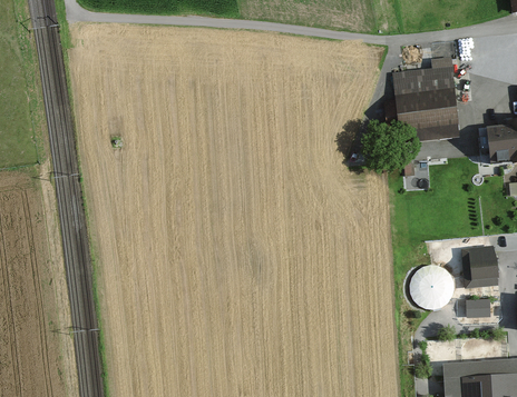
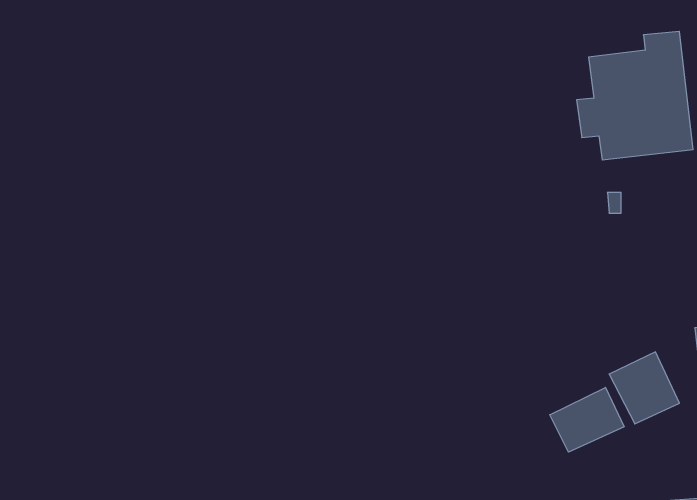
building: none -> [550,387,624,452]

